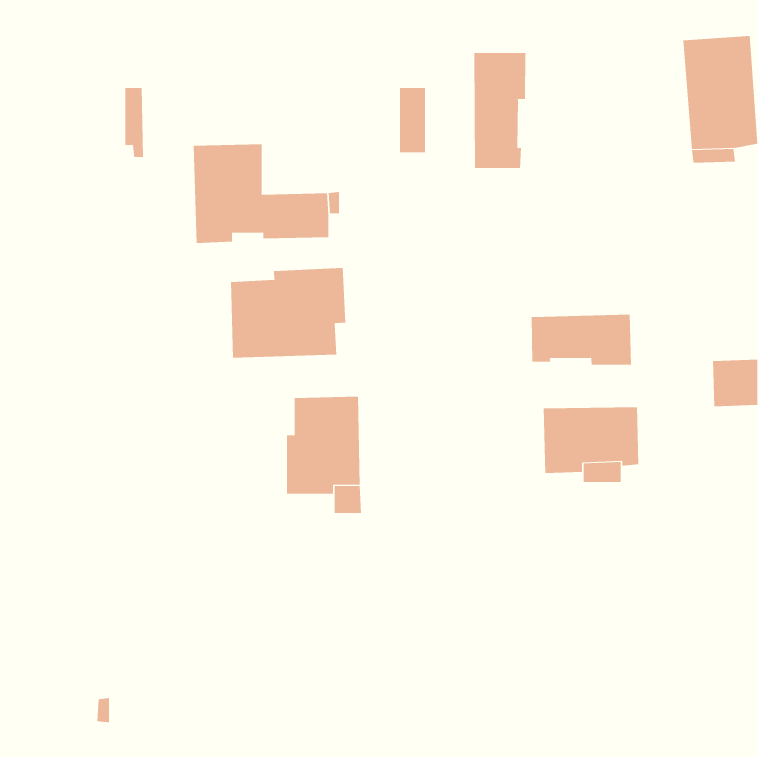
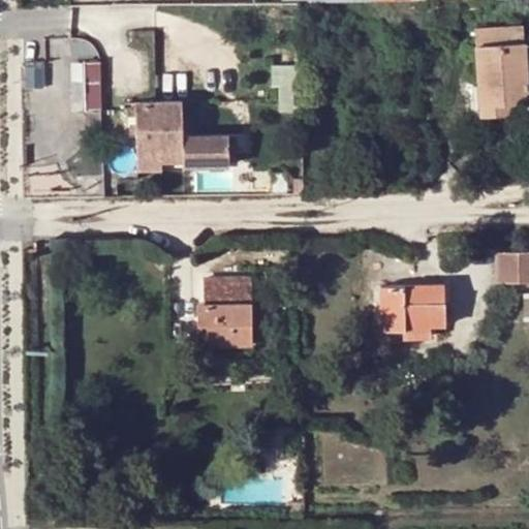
building: [474,52,526,169] -> none
building: [231,267,346,358] -> none
building: [531,314,631,365] -> none

